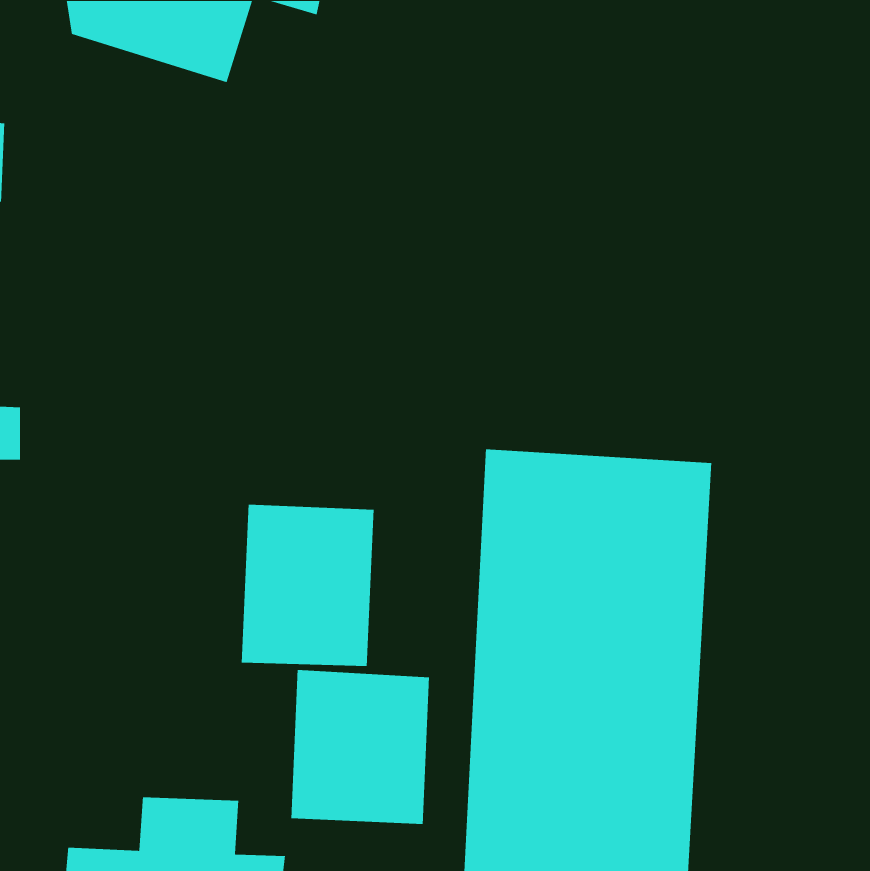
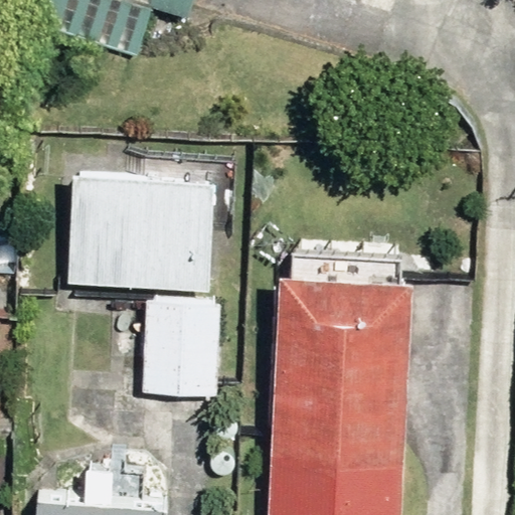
building: none -> [65,168,213,289]
building: [290,669,430,825] -> none

